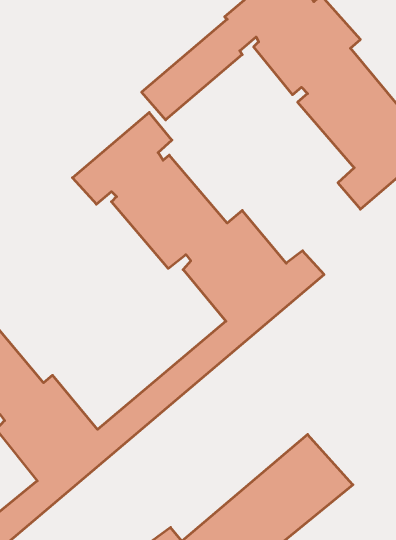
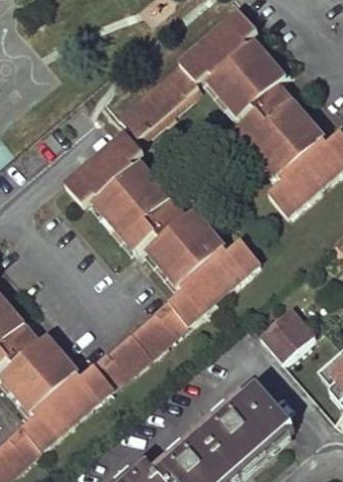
building: none -> [255,310,311,363]

